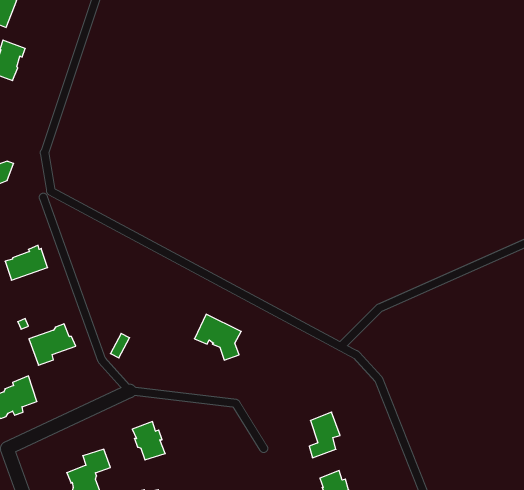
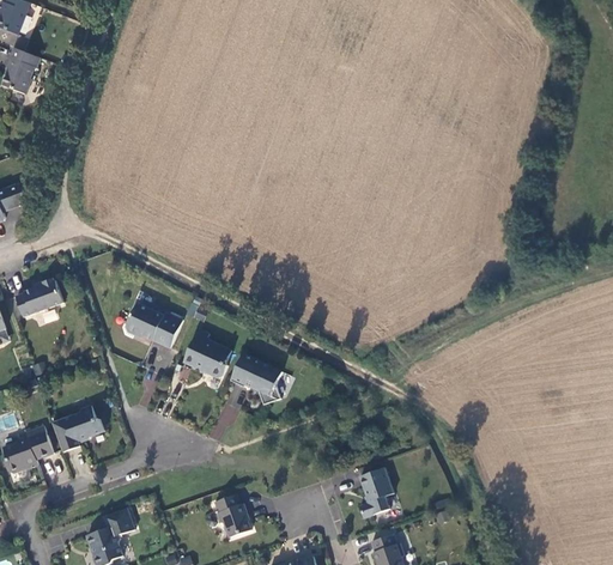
building: none -> [125,304,182,350]
building: none -> [182,330,230,379]
building: [29,324,76,365] -> [50,406,103,452]
building: [132,422,165,460] -> [213,492,250,535]

